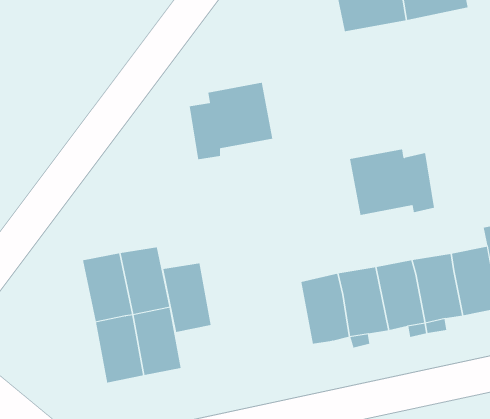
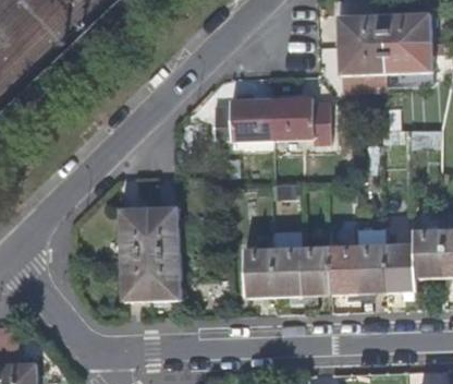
building: [349,149,435,215] -> [276,96,332,144]
building: [162,263,212,332] -> [252,248,281,296]

